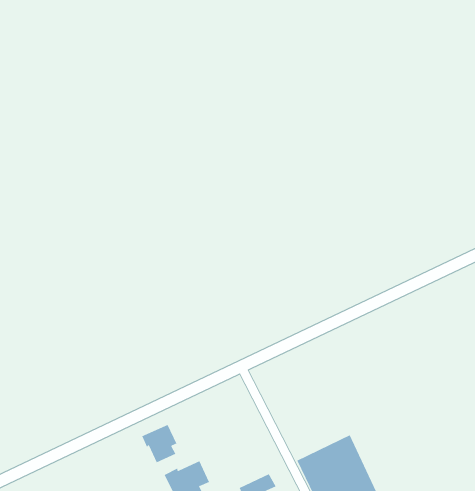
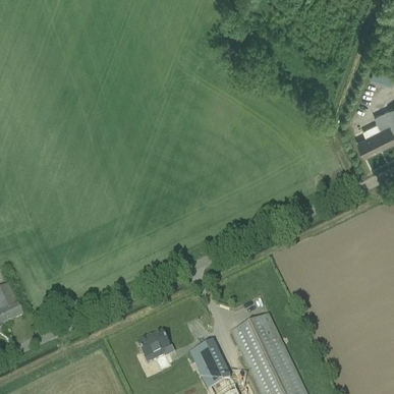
building: [141,424,177,463] -> none

